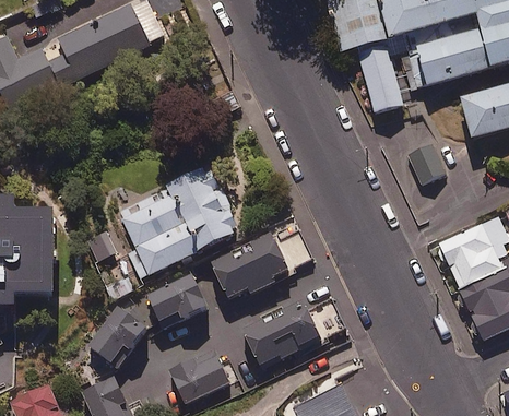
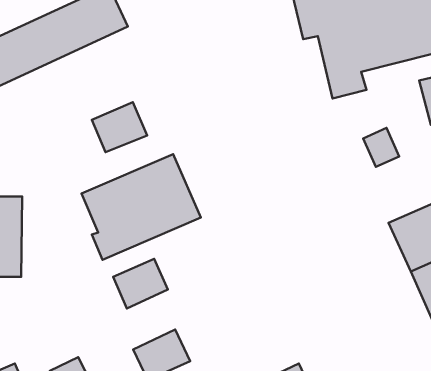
building: none -> [92,102,147,152]
building: [211,229,310,304] -> none
building: [245,298,344,367] -> none
building: [86,310,145,371] -> none

